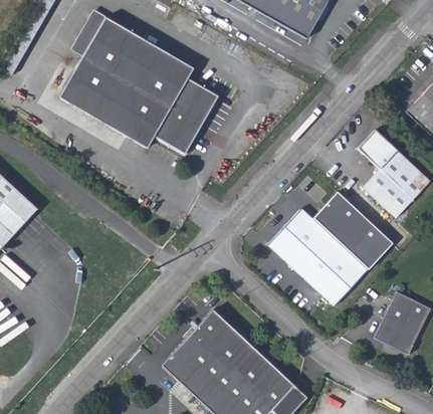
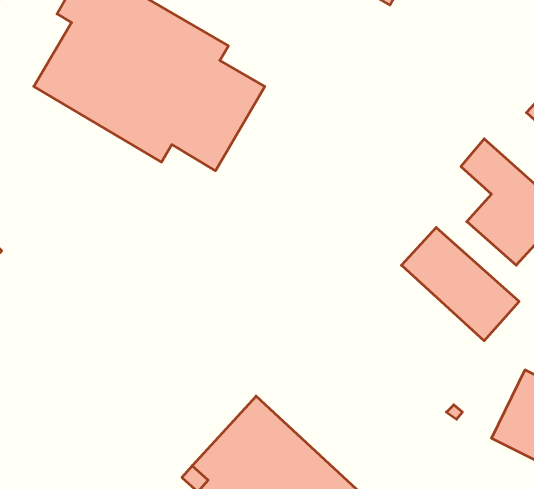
building: [272,210,371,306] -> none

